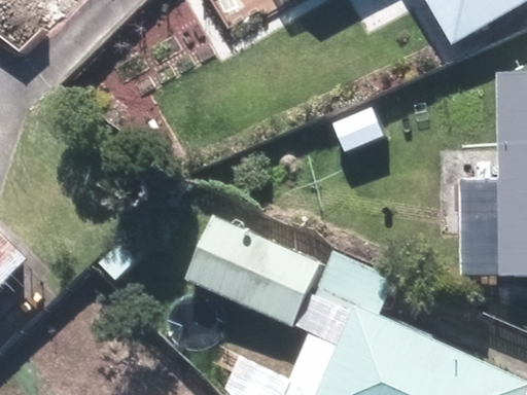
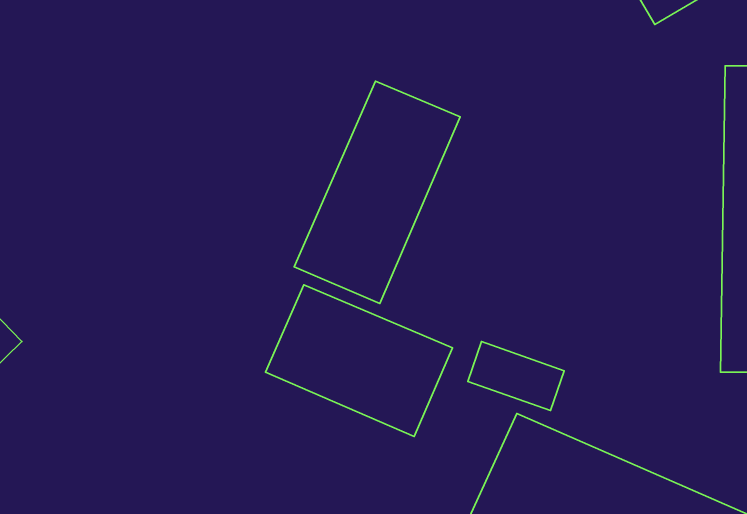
building: none -> [294,81,460,304]

